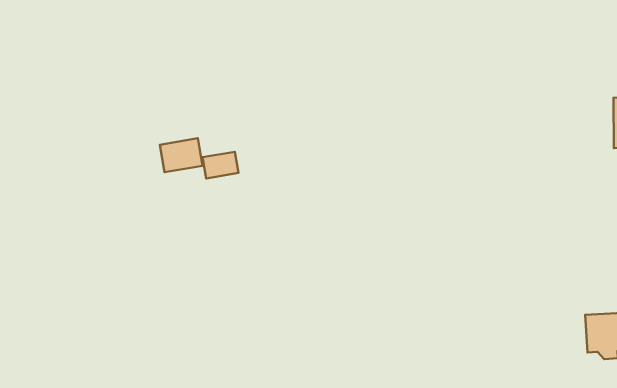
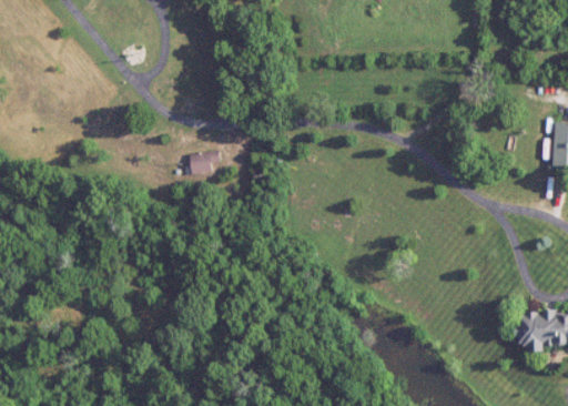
building: [160,138,202,172] -> none

